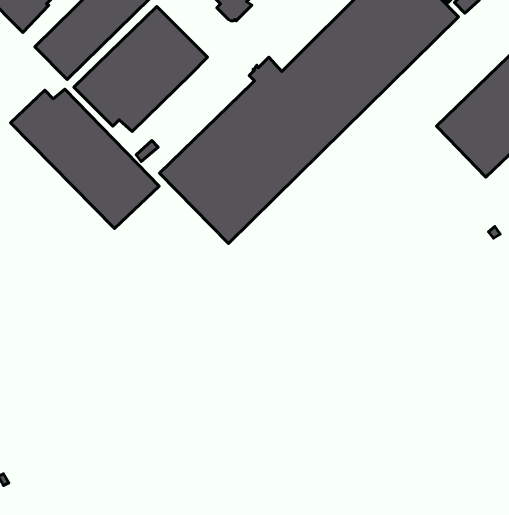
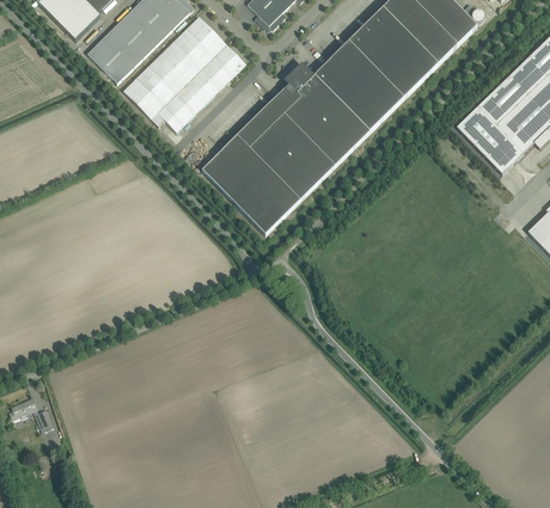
building: [11,89,159,229] -> none

